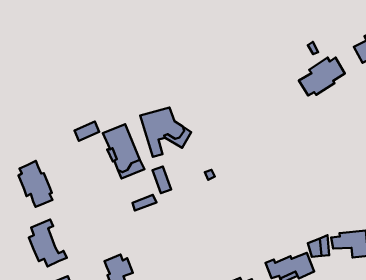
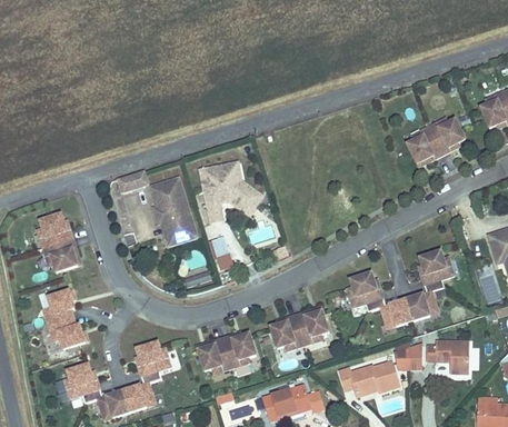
building: none -> [345,250,450,325]
building: none -> [268,308,327,349]
building: none -> [196,330,255,368]

